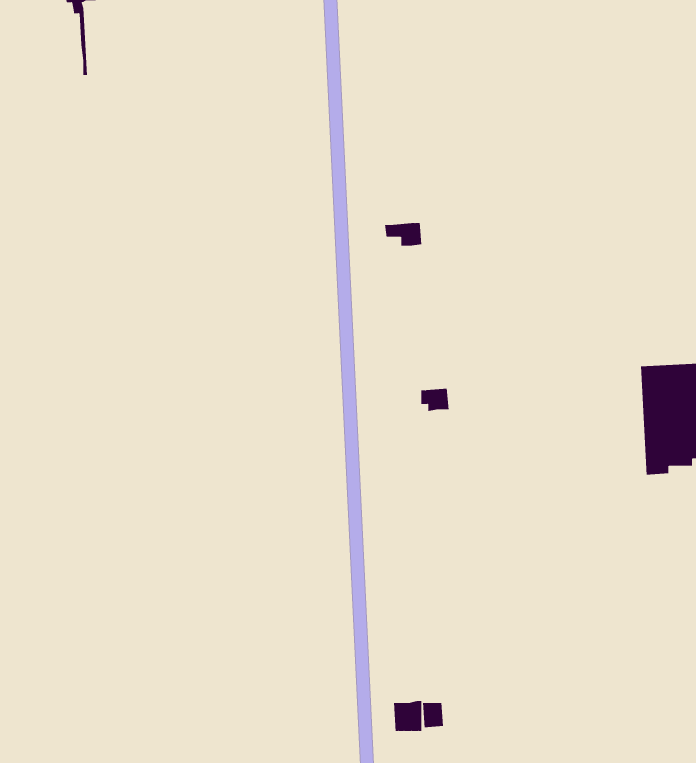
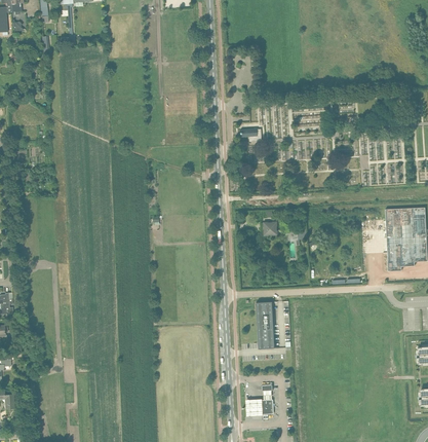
building: none -> [256,301,275,349]

